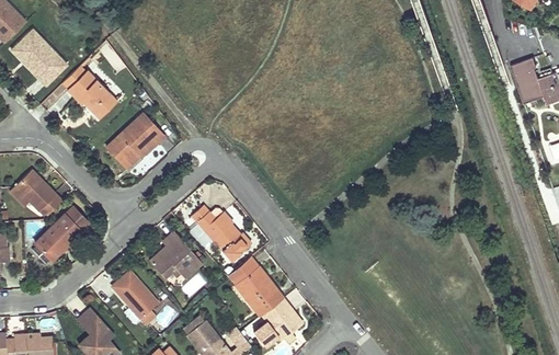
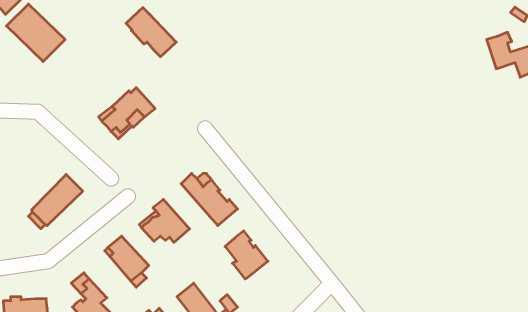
building: [62,65,115,116] -> [126,8,176,57]
building: [10,170,61,216] -> none
building: [228,255,258,299] -> none
building: [253,297,303,345] -> none

